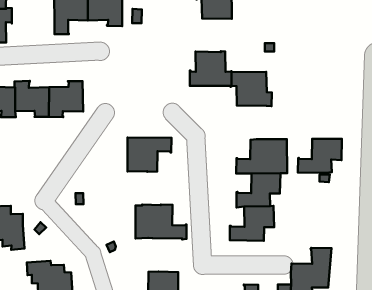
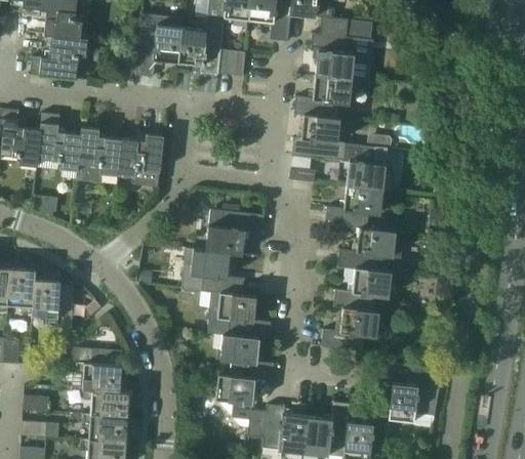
building: none -> [294,75,352,118]
building: [298,139,342,173] -> [325,184,382,227]
building: none -> [180,248,244,295]
building: none -> [219,333,274,381]

